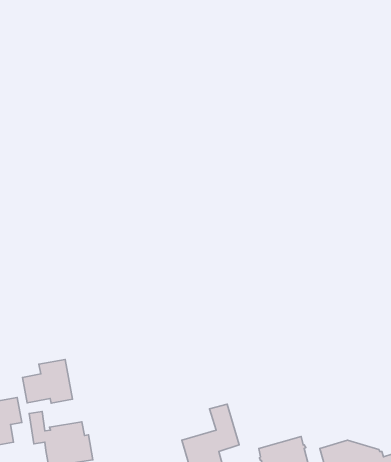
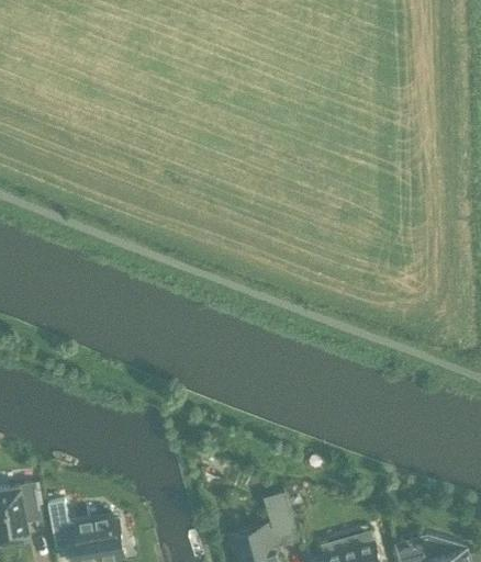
building: [23,360,72,403] -> none

